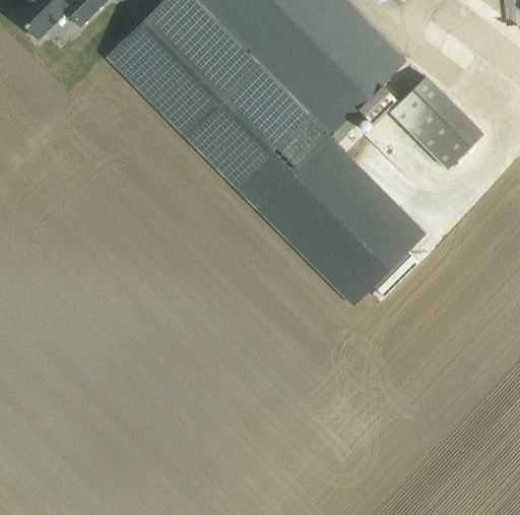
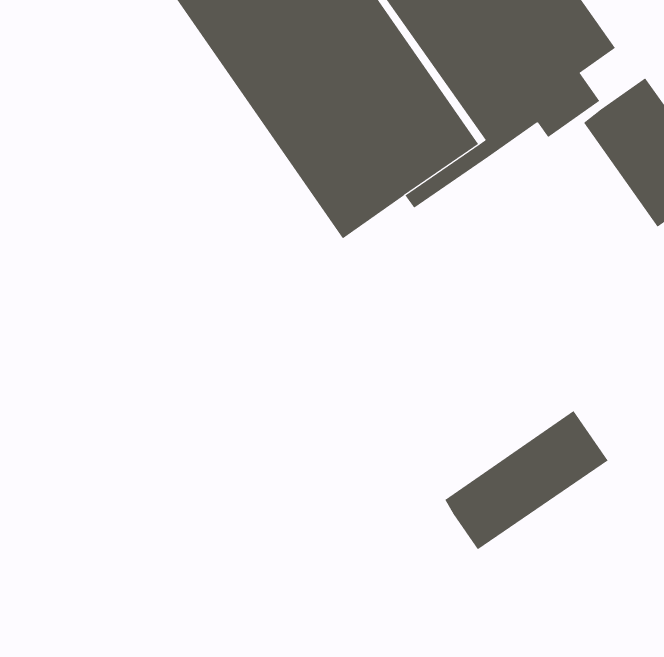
building: [256,143,425,305] -> none
building: none -> [444,410,609,550]

